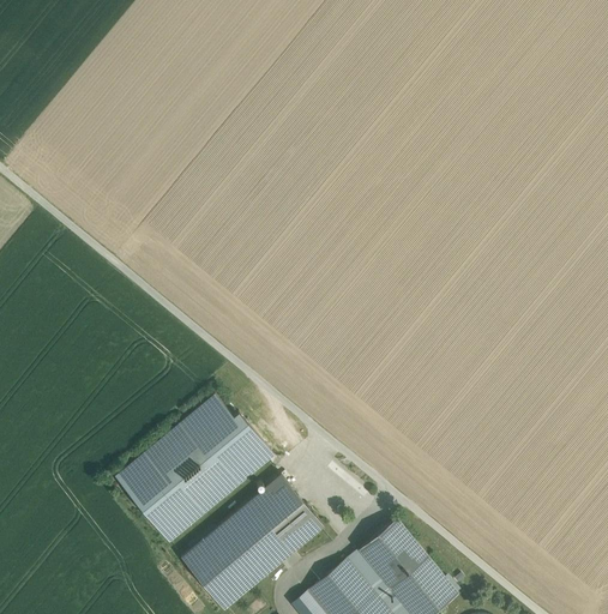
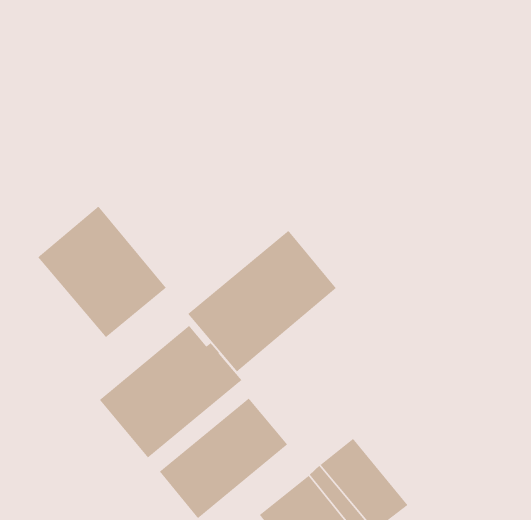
building: none -> [37,206,167,338]
building: none -> [187,230,337,372]

